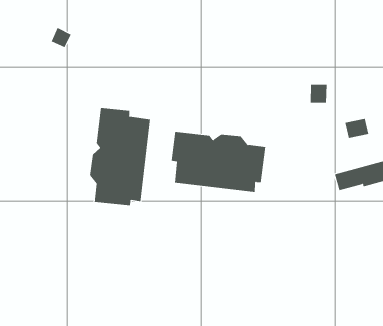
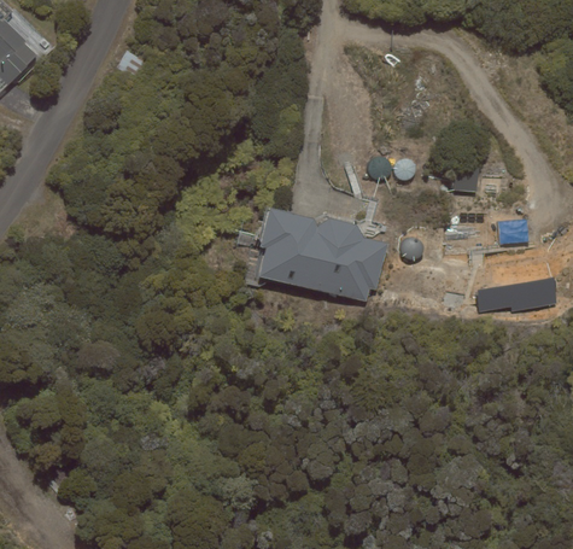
building: [90,107,151,206] -> none

